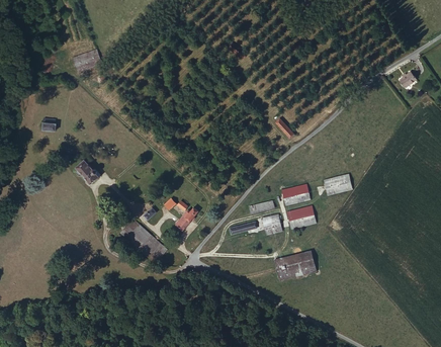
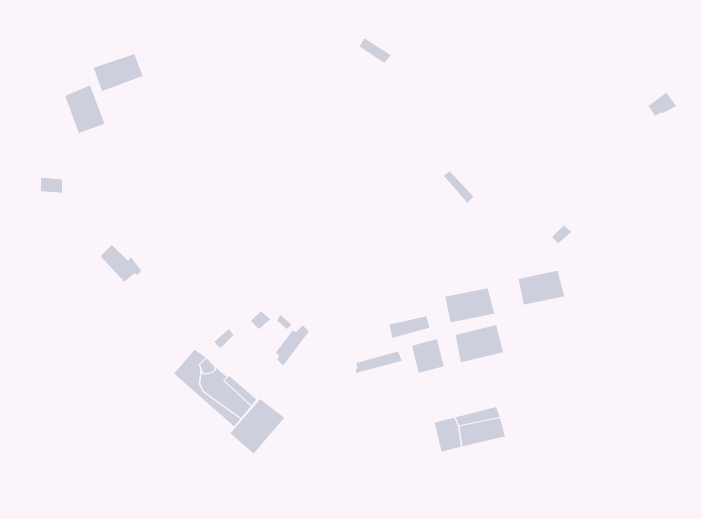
building: none -> [65,85,105,134]
building: none -> [229,398,285,454]

